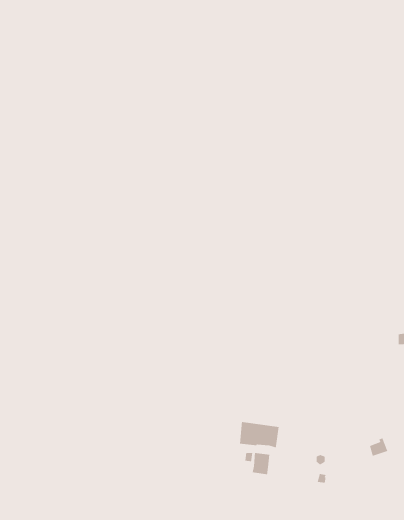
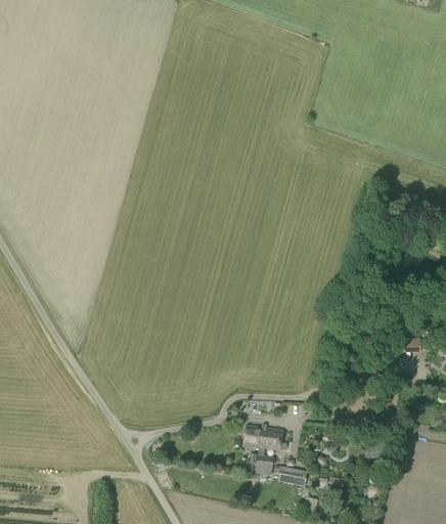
building: none -> [273,465,307,485]

